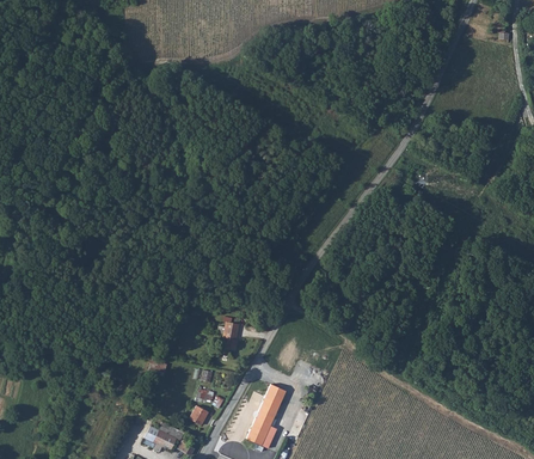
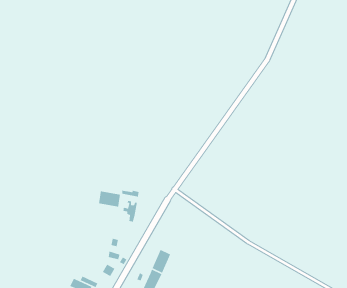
building: none -> [98,190,121,208]

